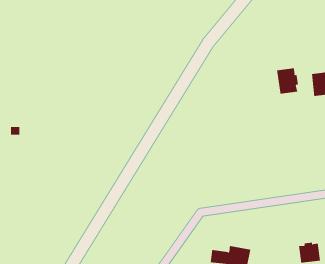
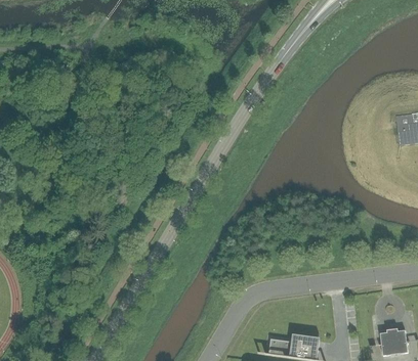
building: [277,68,299,95] -> none

